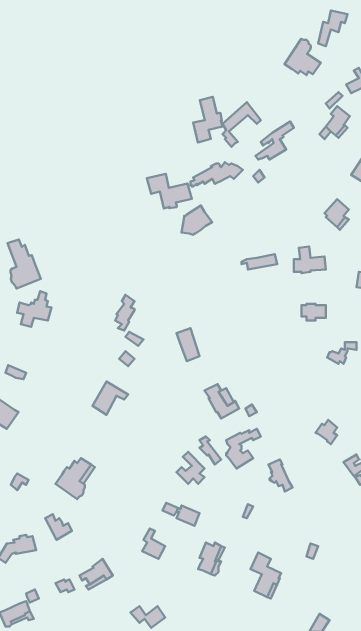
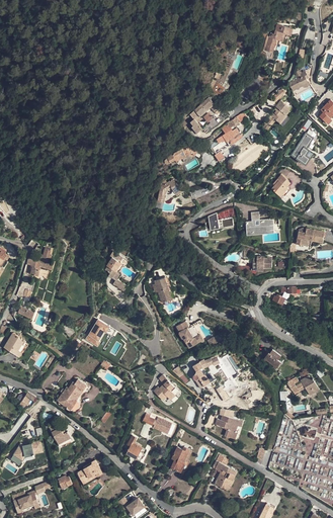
building: [285,39,321,75] -> none
building: [193,97,222,142] -> none
building: [147,174,192,208] -> none
building: [8,240,41,289] -> none
building: none -> [215,409,238,439]

